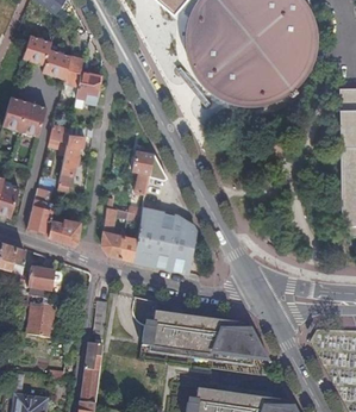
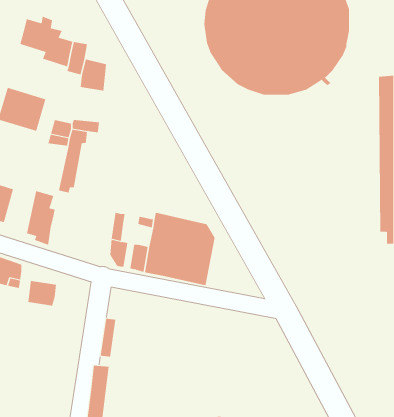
building: [133,150,168,194] -> none
building: [49,219,81,246] -> none
building: [142,301,268,361] -> none
building: [29,302,55,337] -> none

